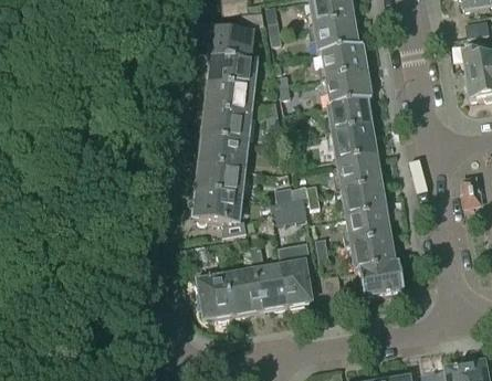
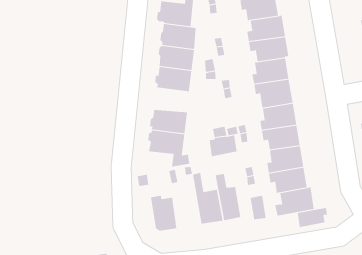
building: [200,137,247,168] -> none
building: [226,271,261,315] -> none
building: none -> [297,207,328,228]

